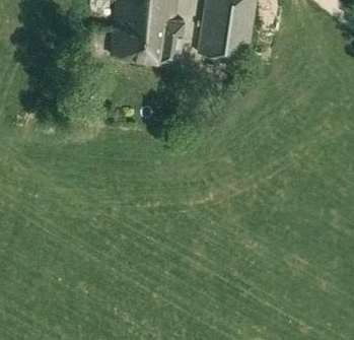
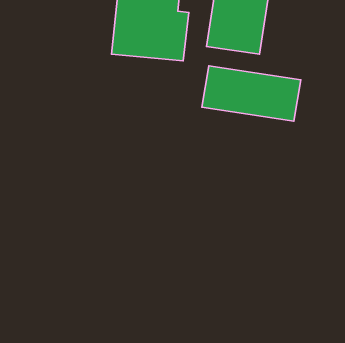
building: none -> [202,66,301,121]

